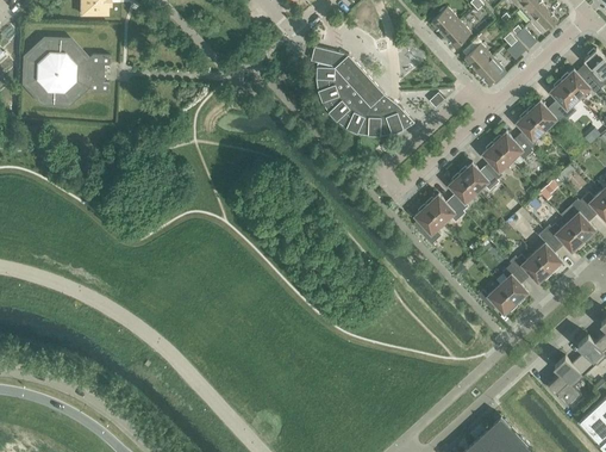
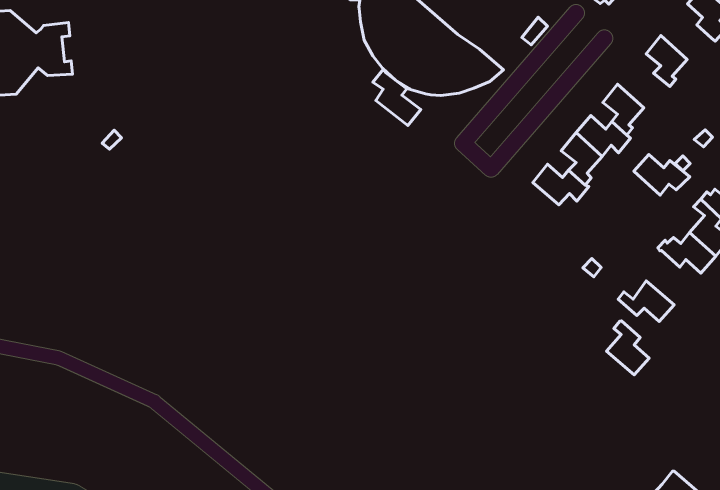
building: [527,100,563,130] -> none
building: none -> [373,69,421,125]
building: [493,131,532,161] -> [634,154,690,195]
building: [413,205,442,244] -> none
building: [498,264,527,303] -> [606,321,649,375]

